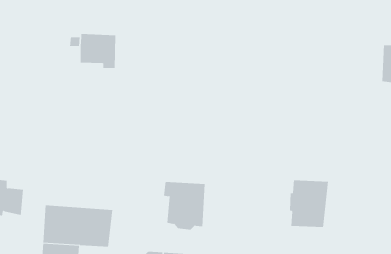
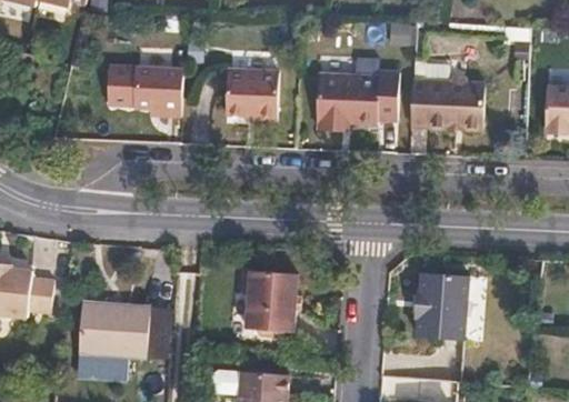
building: none -> [222,71,273,120]
building: none -> [312,76,396,140]
building: none -> [407,78,479,132]

